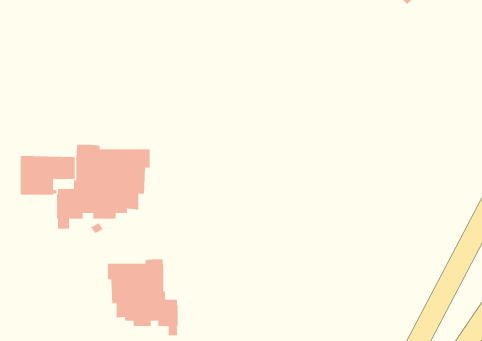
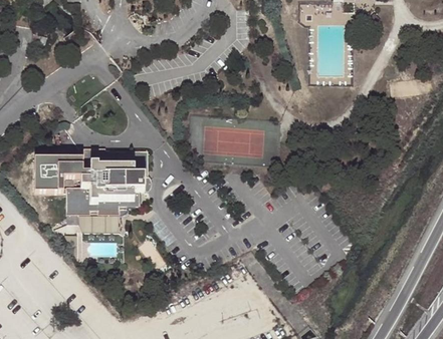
building: [108,259,178,336] -> none

